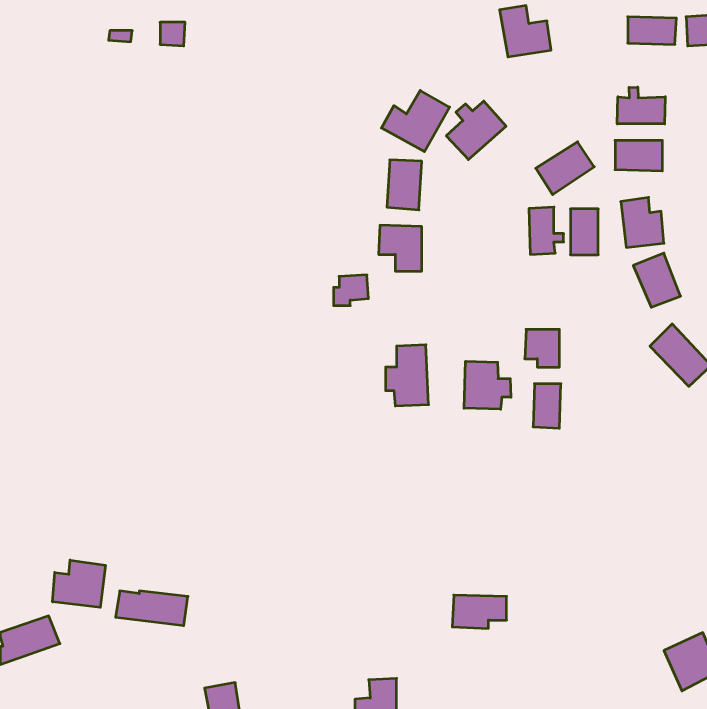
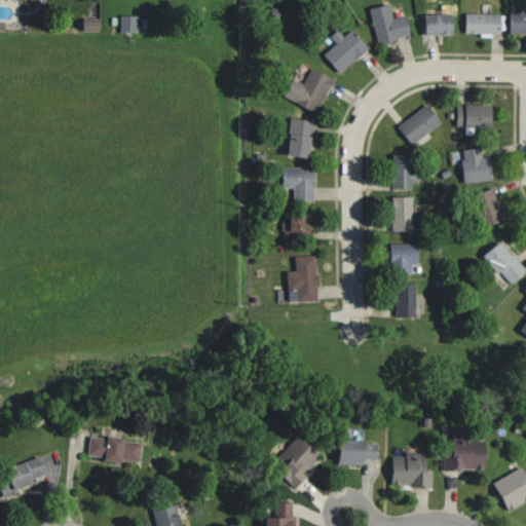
building: none -> [424,13,452,35]
building: [617,87,665,124] -> none
building: [446,101,506,160] -> [325,30,369,73]
building: [570,209,598,255] -> [393,197,414,231]
building: [334,275,368,306] -> [285,214,310,236]
building: [464,361,511,409] -> none
building: [53,560,105,607] -> none
building: none -> [274,440,321,487]
building: none -> [445,440,485,469]
building: none -> [391,453,434,488]

